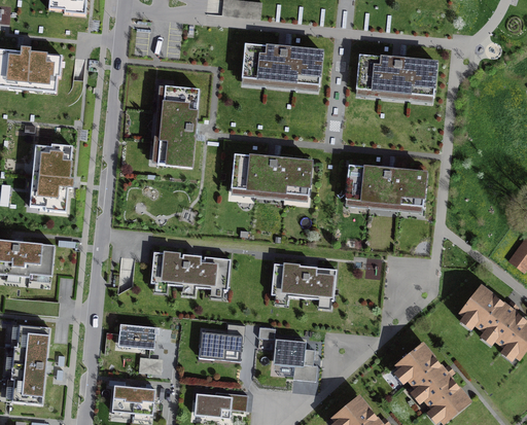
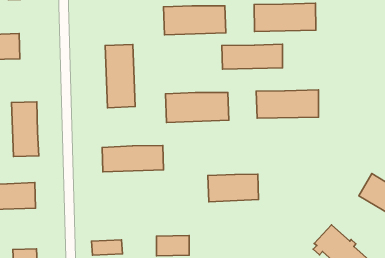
building: none -> [222,44,283,69]
building: [151,252,231,290] -> [102,145,163,172]
building: [269,335,313,366] -> none

